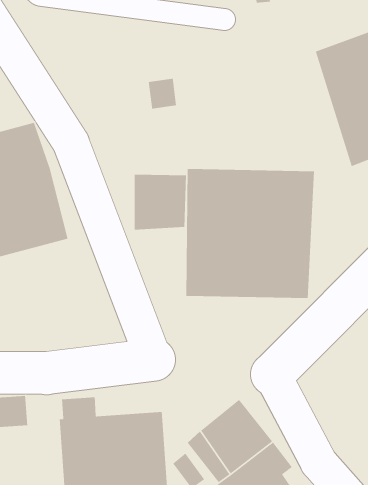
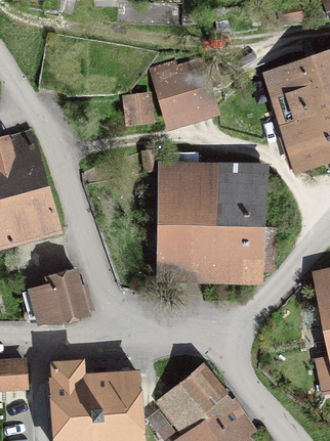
building: none -> [152,60,211,116]
building: [134,174,187,230] -> none
building: none -> [25,269,90,322]

